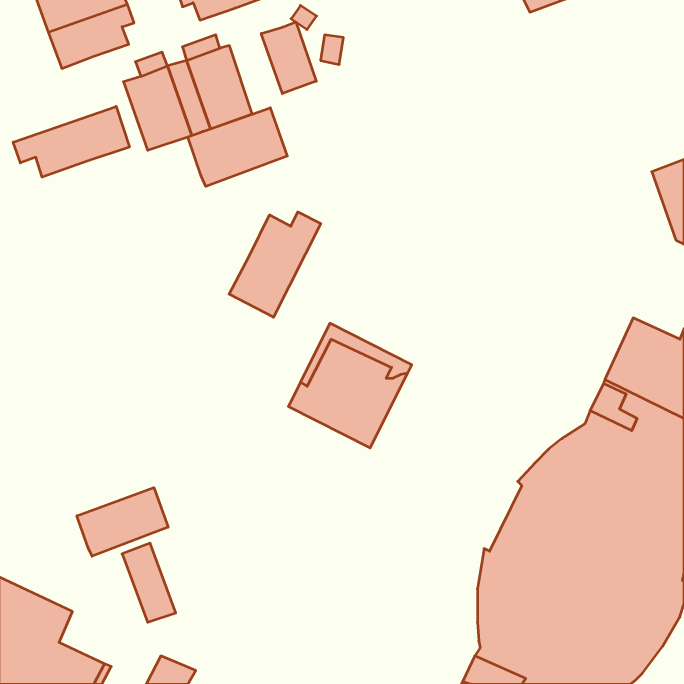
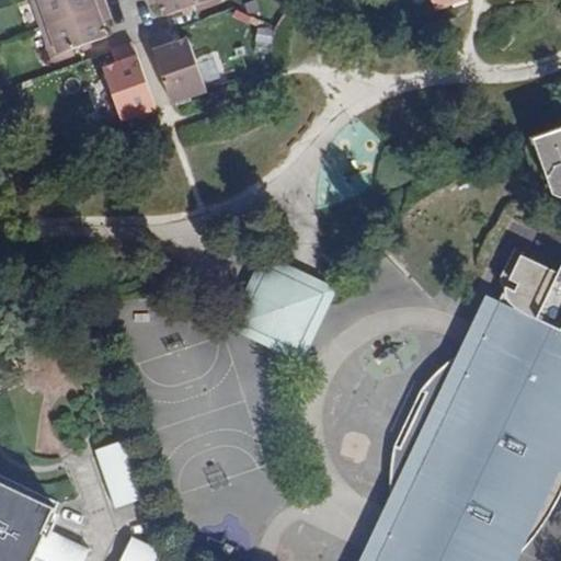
building: [261,22,316,94] -> none
building: [13,106,129,177] -> none
building: [188,108,287,186] -> none
building: [229,212,321,317] -> none
building: [77,488,168,556] -> none

